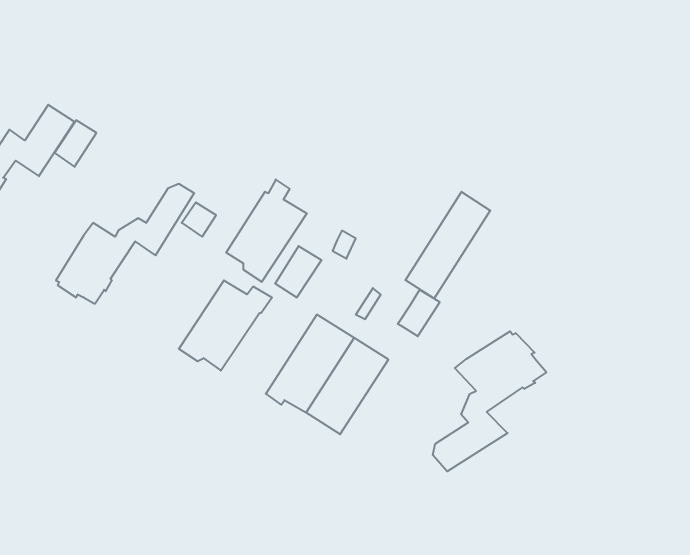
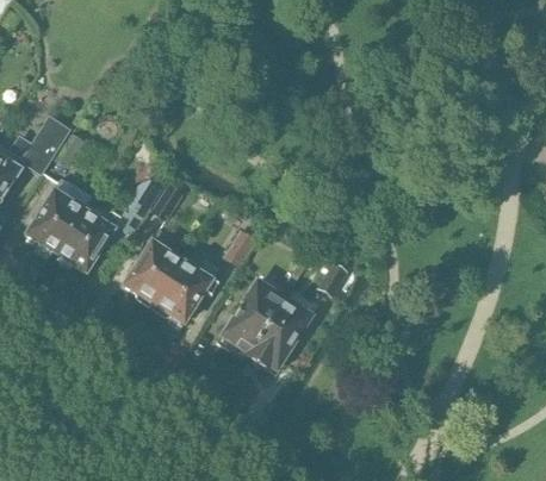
building: [226,179,307,282] -> [120,226,182,305]
building: none -> [24,176,89,252]
building: [405,192,490,299] -> none
building: [433,331,546,471] -> none

